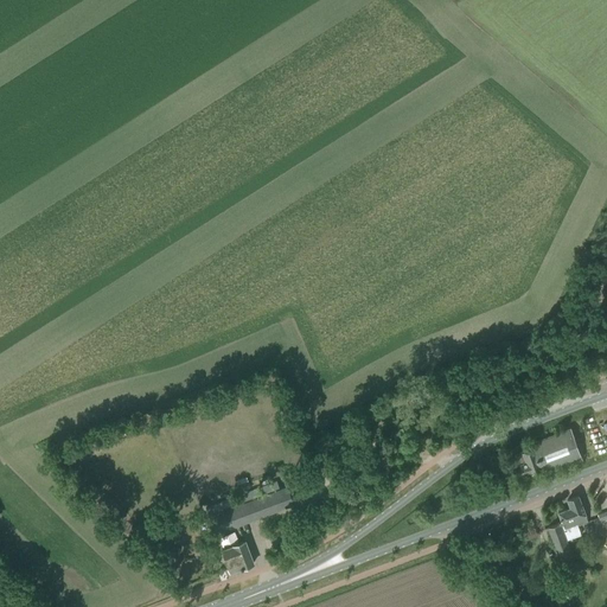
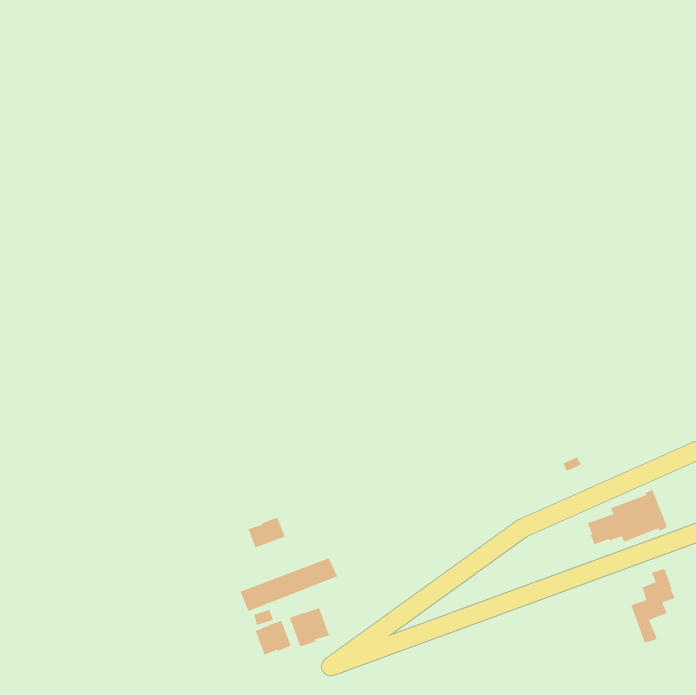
building: none -> [248,517,285,548]
building: none -> [289,607,329,647]

